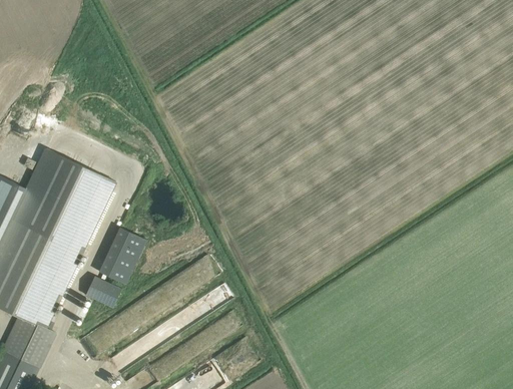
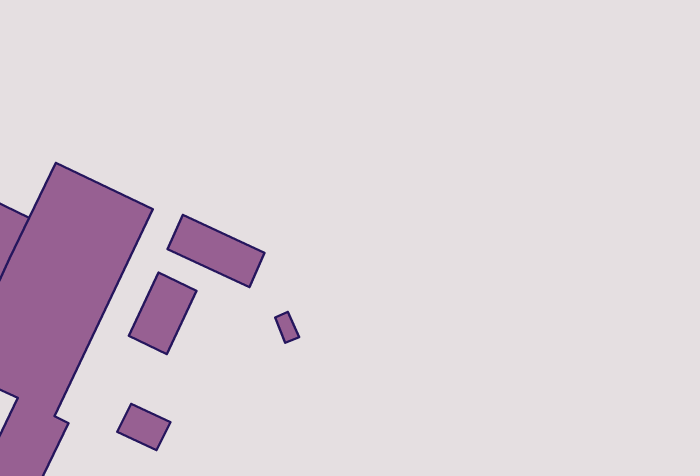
building: none -> [168,215,265,287]
building: [86,276,124,309] -> [117,404,171,450]

